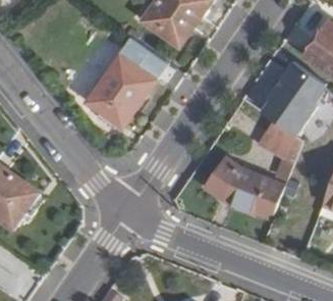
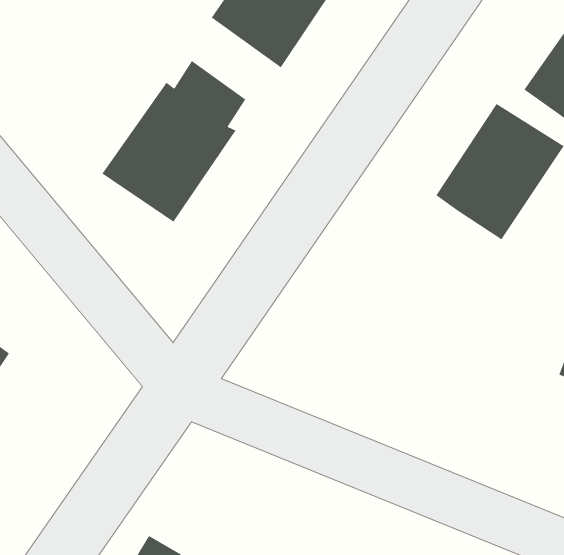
building: [256,118,301,179] -> none
building: [204,157,284,217] -> none

